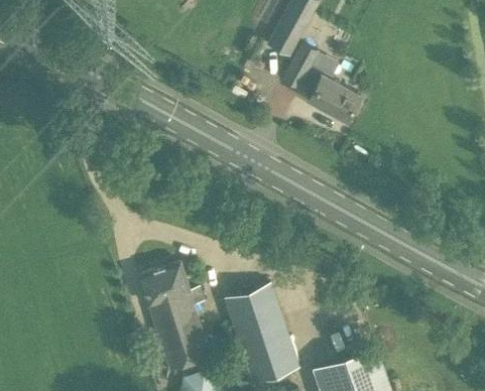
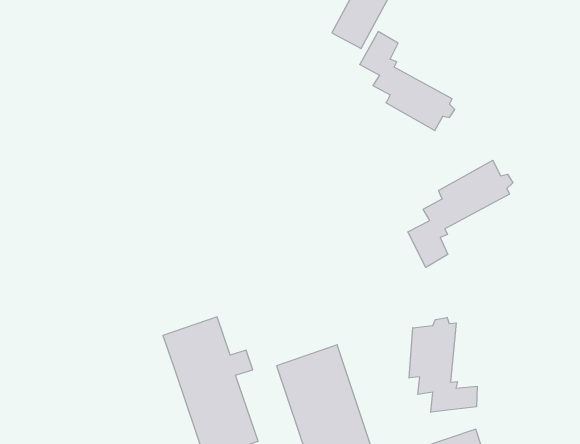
building: none -> [408,160,513,267]
building: none -> [409,317,477,412]

